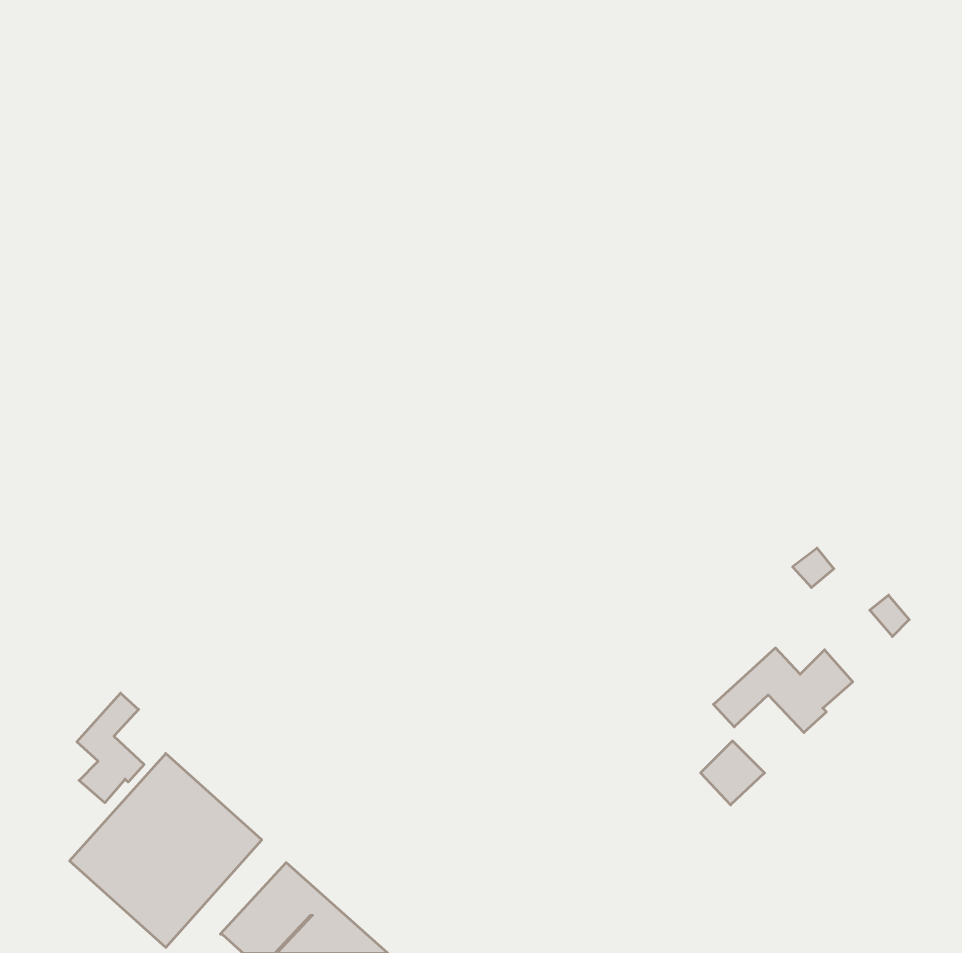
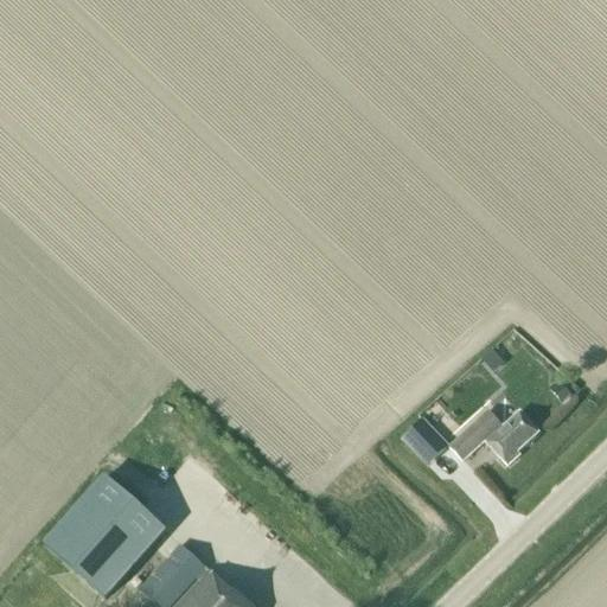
building: [77,693,144,803] -> none
building: [701,741,765,805] -> [401,416,441,456]

